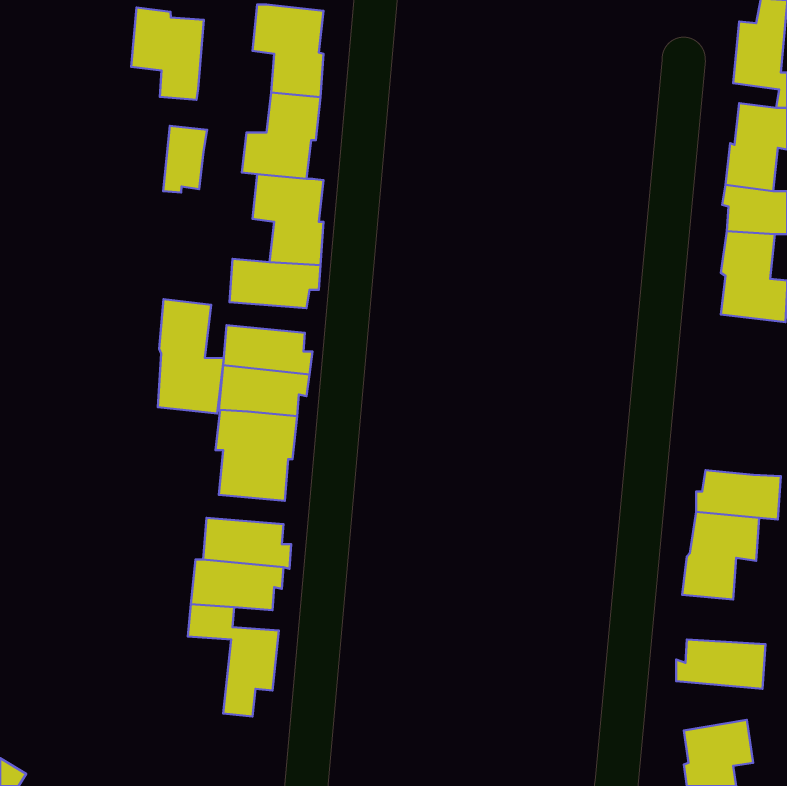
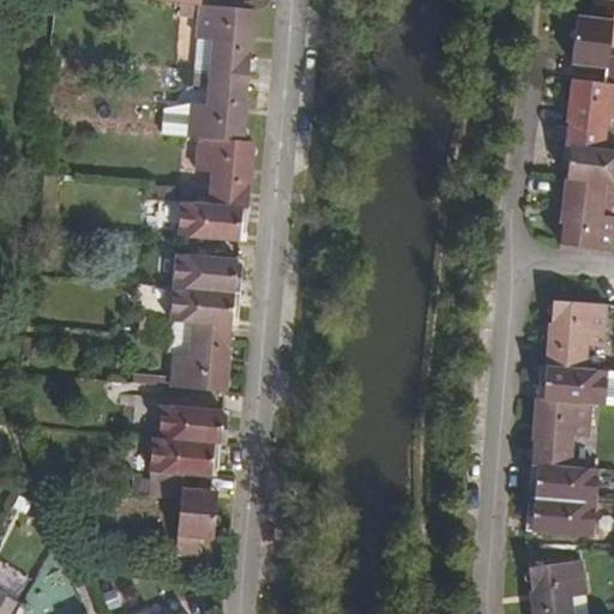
building: [131,7,204,100] -> none
building: [163,126,207,193] -> none
building: [158,299,224,413] -> none
building: none -> [549,300,608,369]
building: none -> [530,463,600,501]

